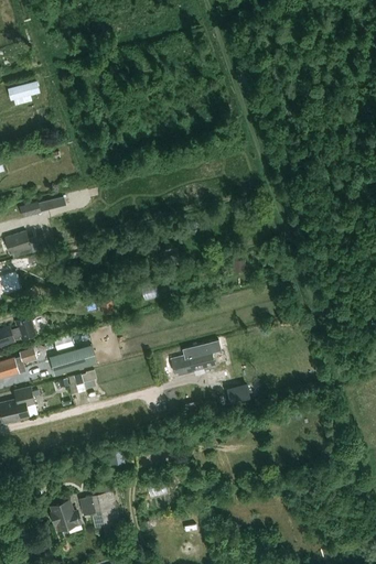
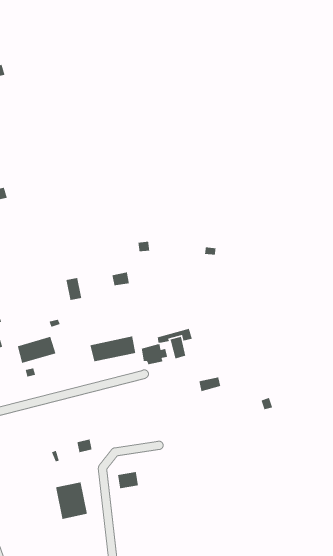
building: none -> [89,336,136,362]
building: [52,500,79,528] -> none

